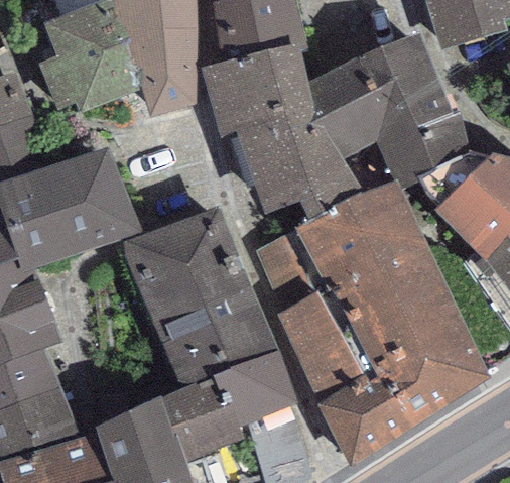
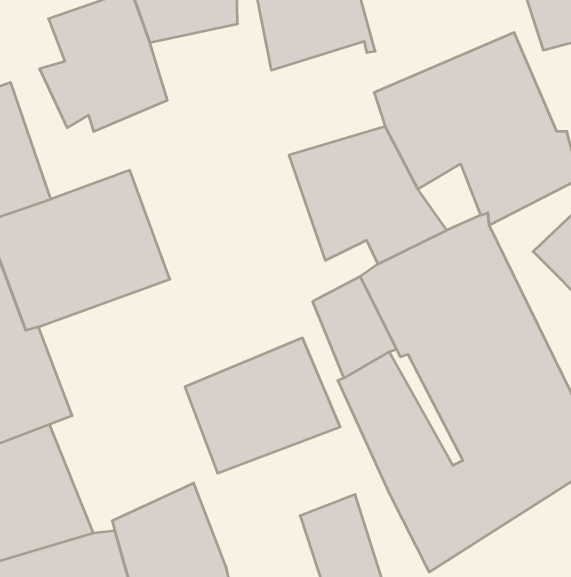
building: [124,26,195,116] -> none
building: [200,40,313,138] -> none
building: [122,206,247,319] -> none
building: [159,351,297,464] -> none

